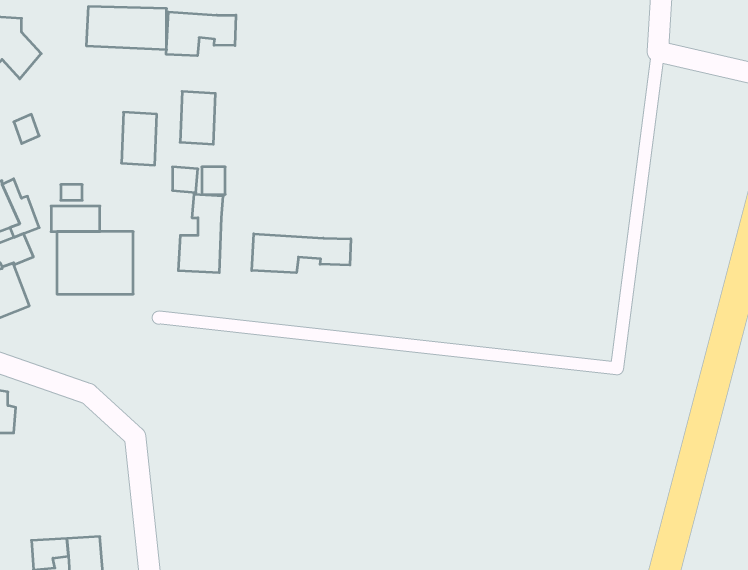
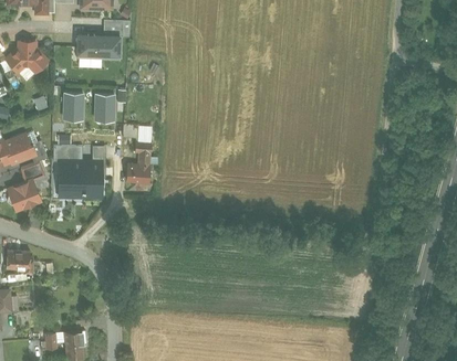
building: [166,12,236,56] -> none
building: [180,91,215,144] -> [63,92,83,121]
building: [252,234,351,273] -> none

